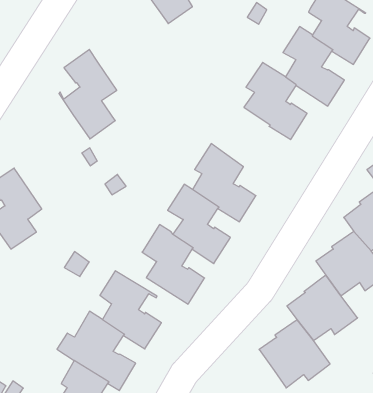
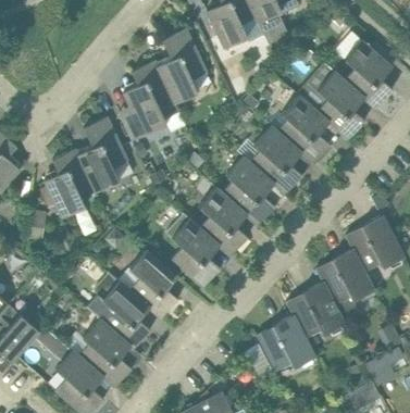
building: none -> [161,29,207,102]
building: none -> [250,126,302,196]
building: none -> [82,118,127,191]

